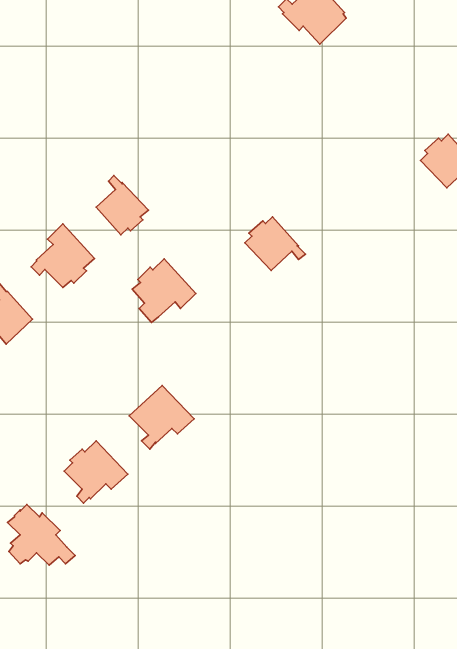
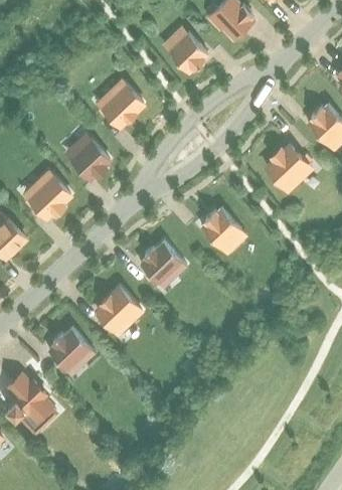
building: none -> [163,33,207,72]
building: none -> [100,81,143,127]
building: none -> [266,146,312,193]
building: [245,217,306,271] -> [201,209,245,249]
building: [132,259,196,322] -> [140,241,186,288]

